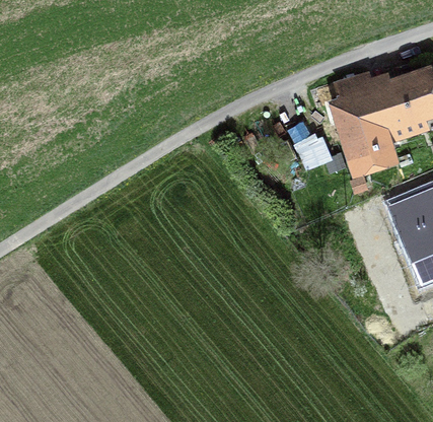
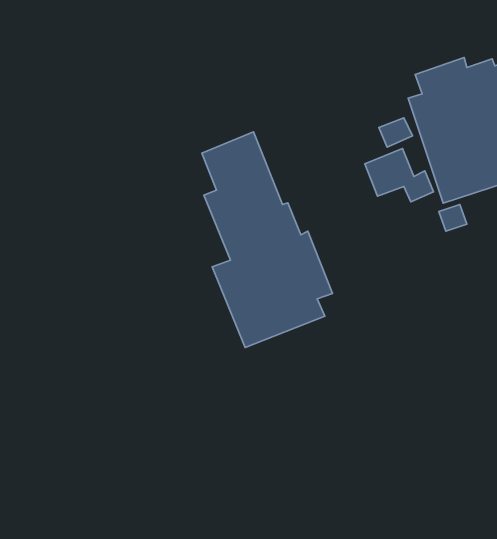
building: none -> [202,132,333,348]

